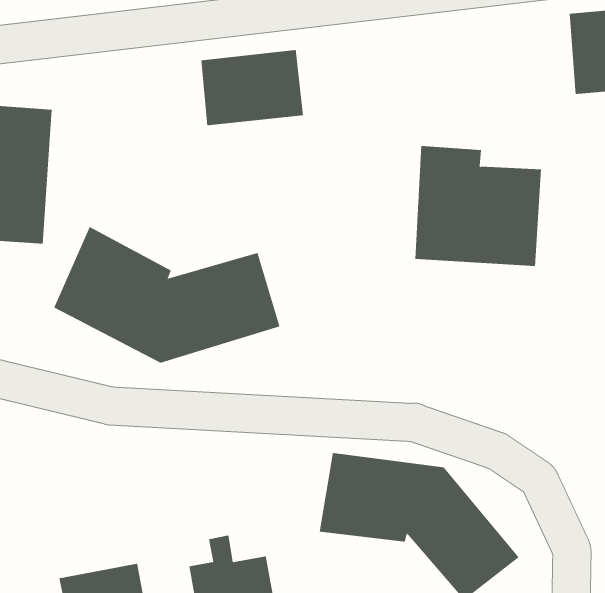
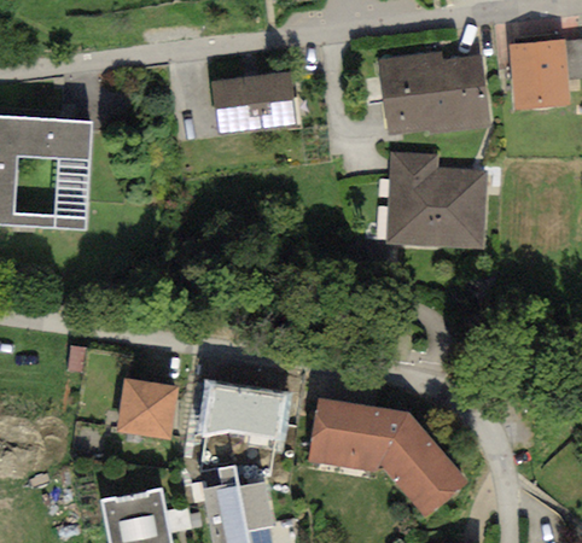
building: none -> [379,53,490,135]
building: [53,226,280,363] -> none
building: none -> [197,378,292,440]
building: none -> [116,379,177,440]

